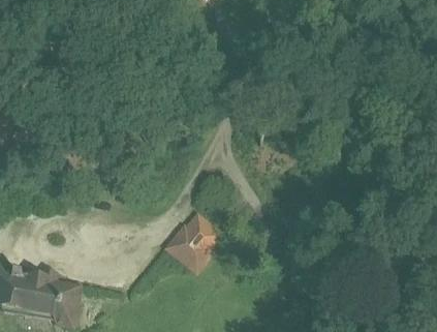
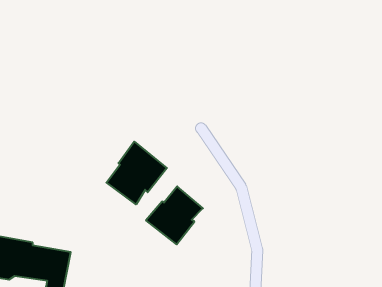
building: none -> [106,142,167,204]

